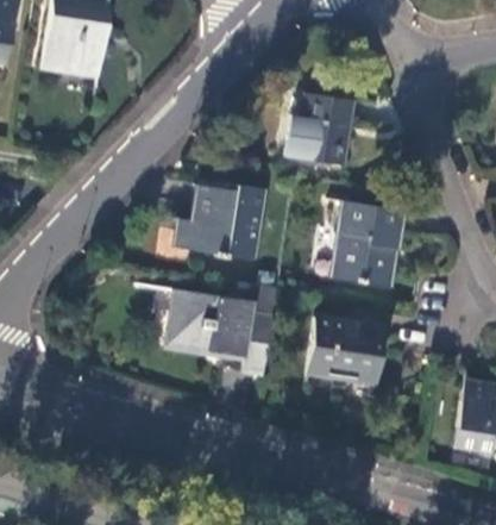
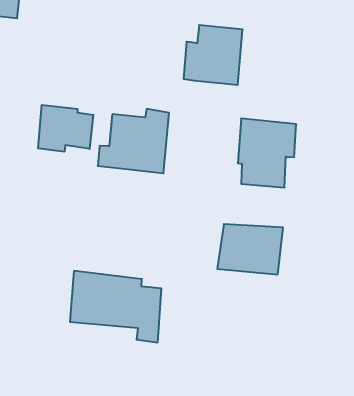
building: none -> [38,105,93,152]
building: [167,289,272,376] -> [70,271,161,342]

